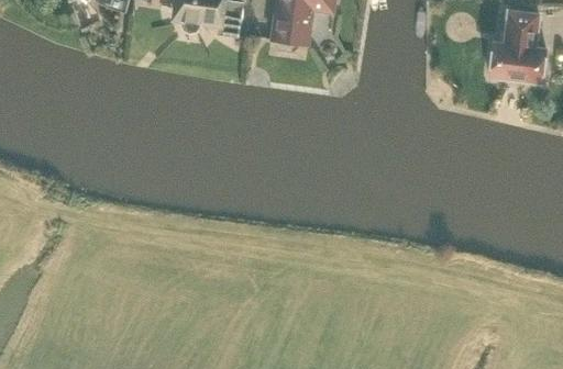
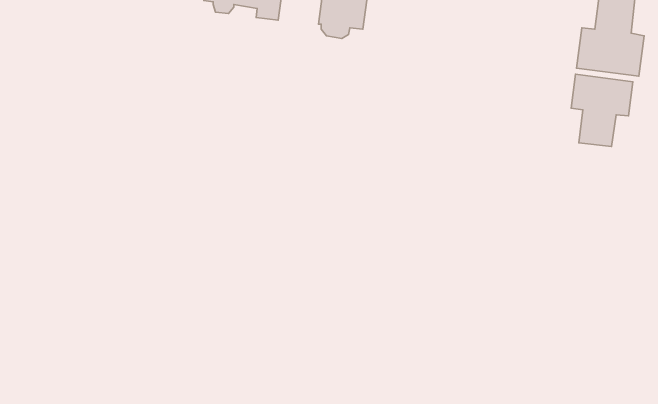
building: none -> [571,74,633,146]

